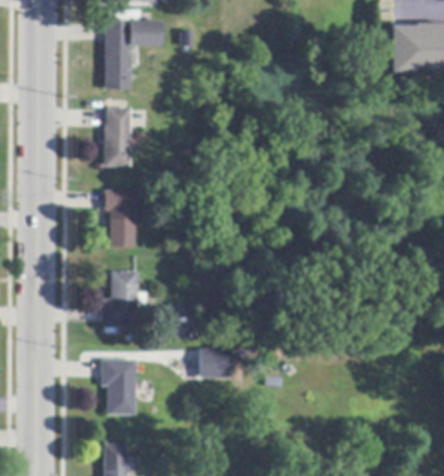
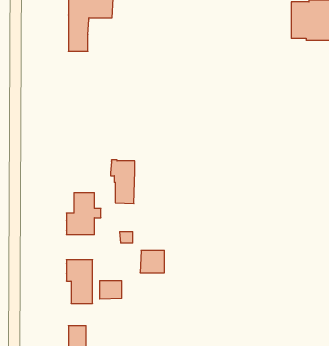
building: [105,107,131,166] -> none
building: [105,190,136,246] -> [111,160,135,204]
building: none -> [100,281,122,299]

